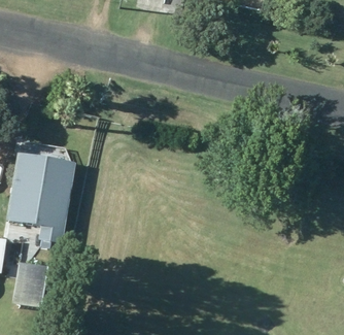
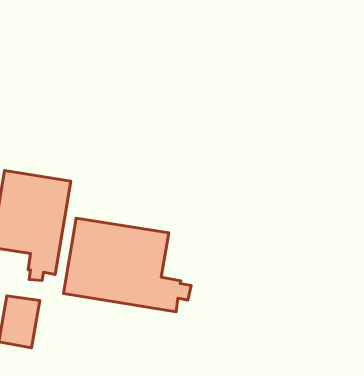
building: none -> [63,218,191,312]

